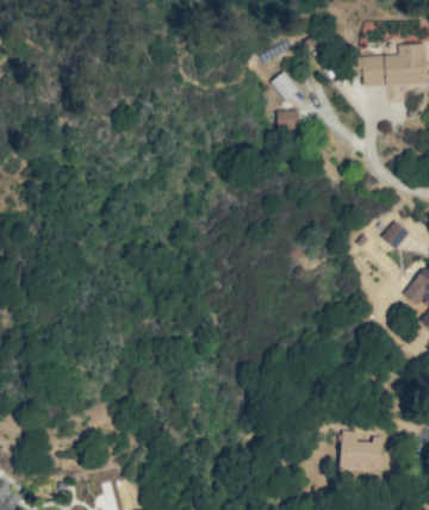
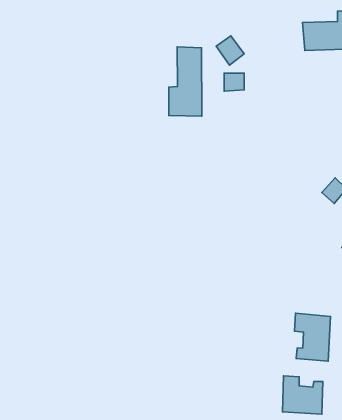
building: none -> [169,47,202,116]
building: none -> [295,313,331,361]

